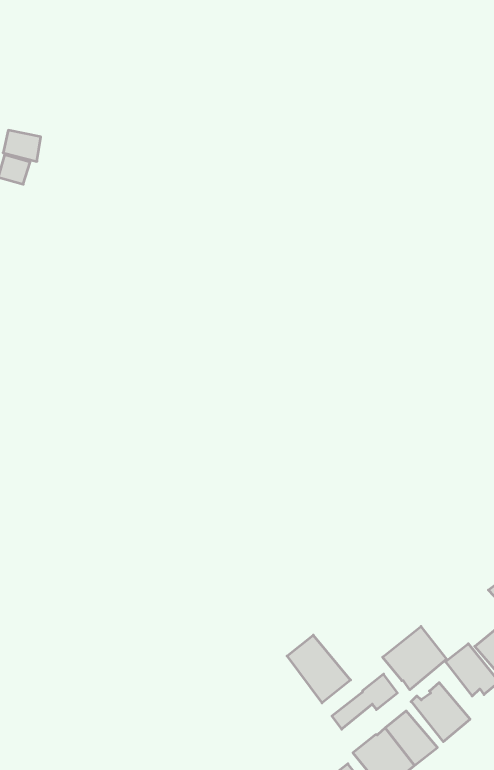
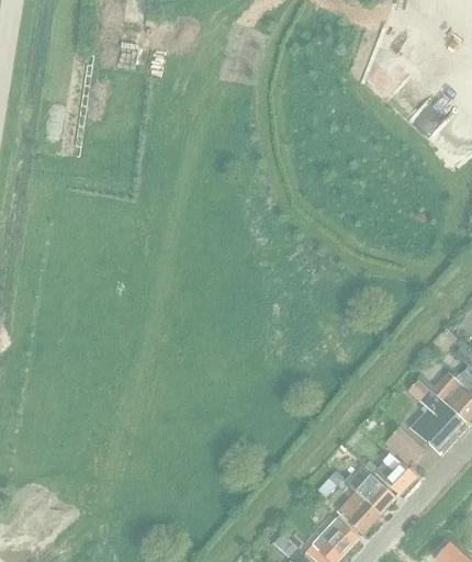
building: [383,626,446,690] -> none
building: [287,635,351,703] -> none

